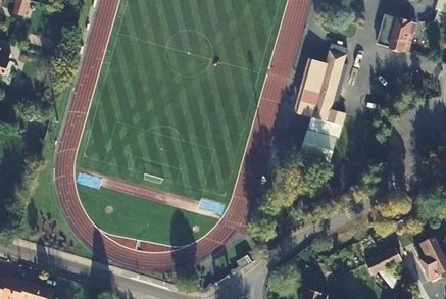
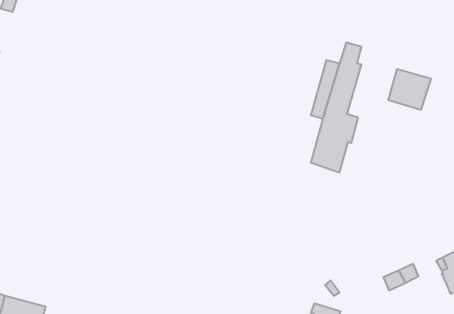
building: [376,15,415,53] -> [388,69,431,110]

